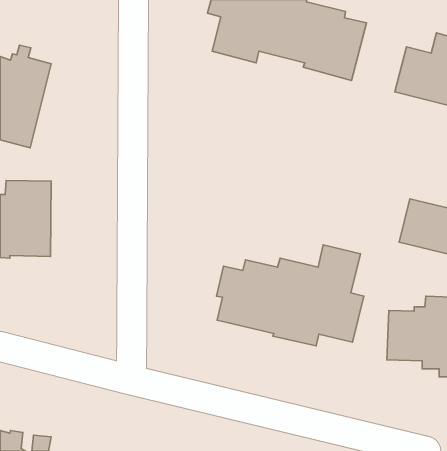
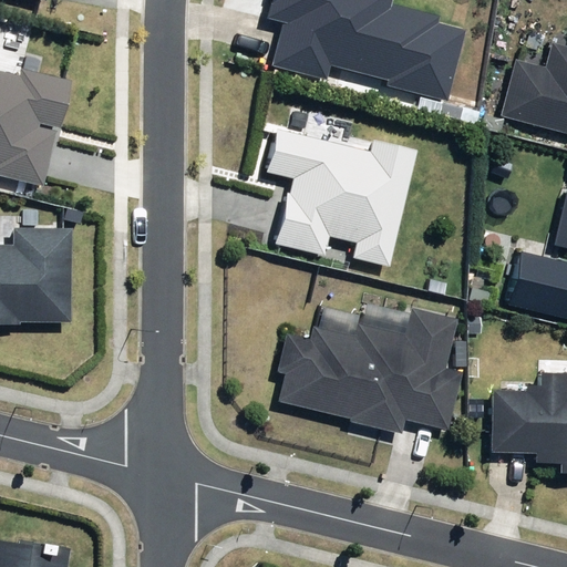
building: none -> [266,128,417,266]

